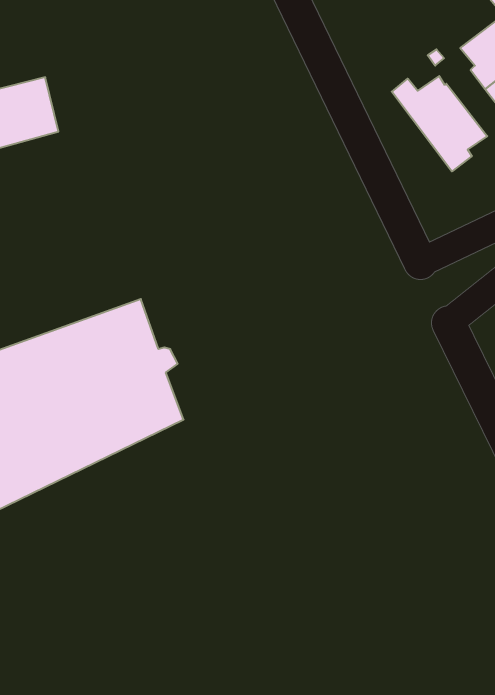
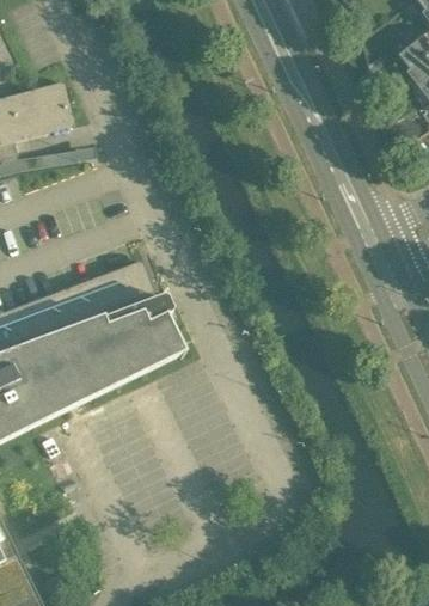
building: [392,76,487,171] -> none

